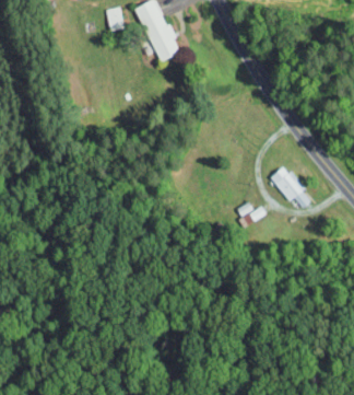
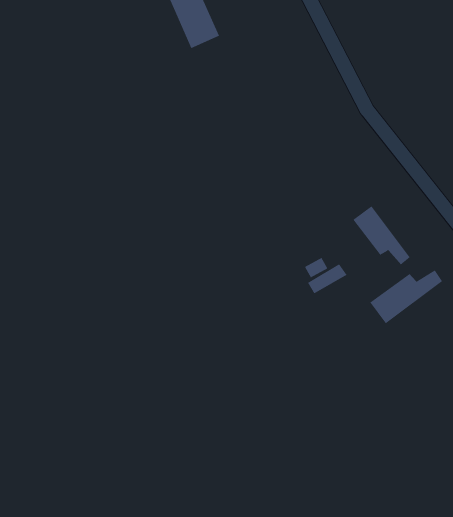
building: none -> [369,270,443,324]

